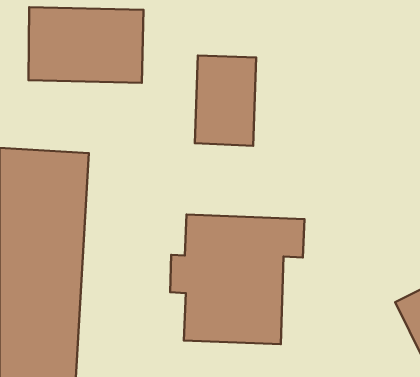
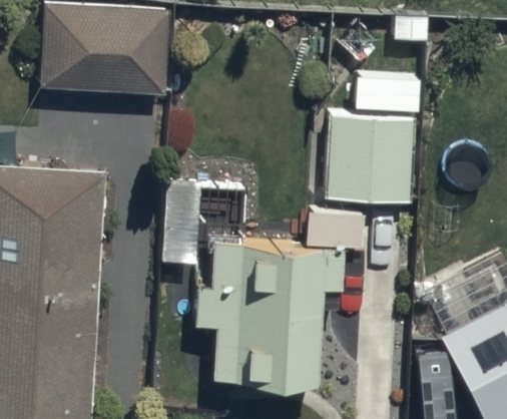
building: [195,55,256,146] -> none
building: none -> [325,118,413,205]

